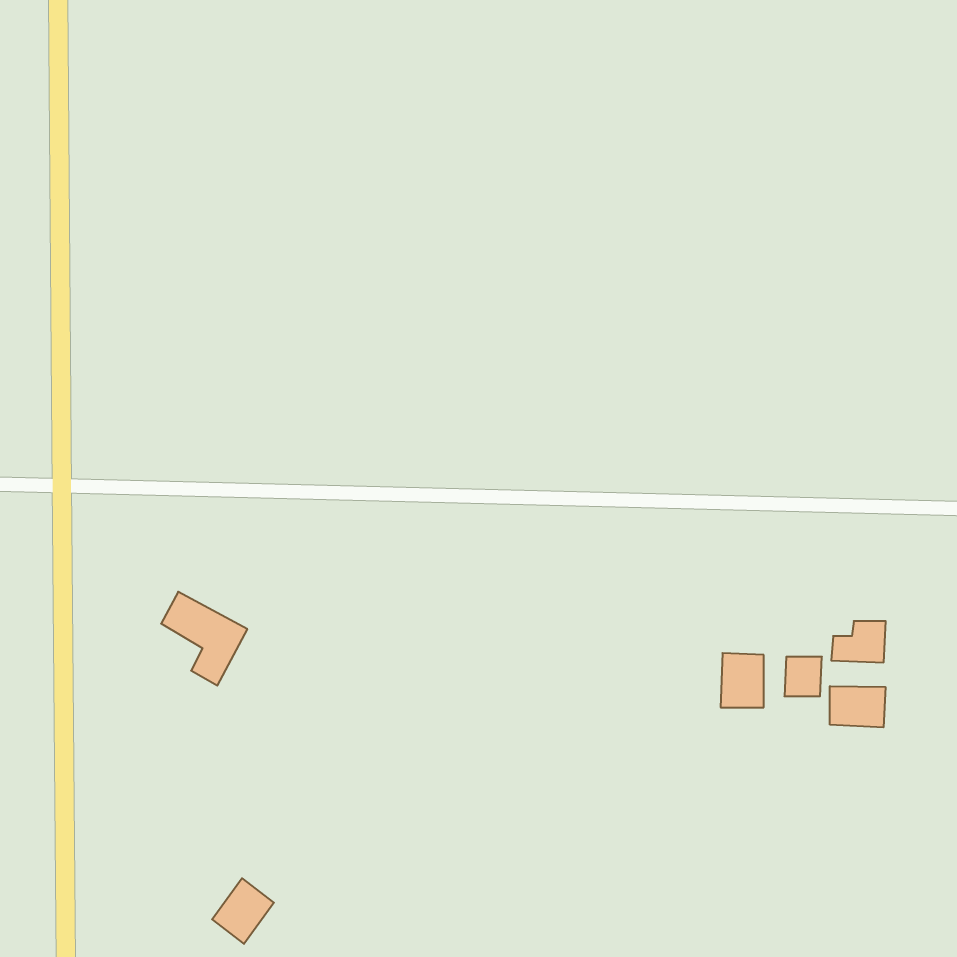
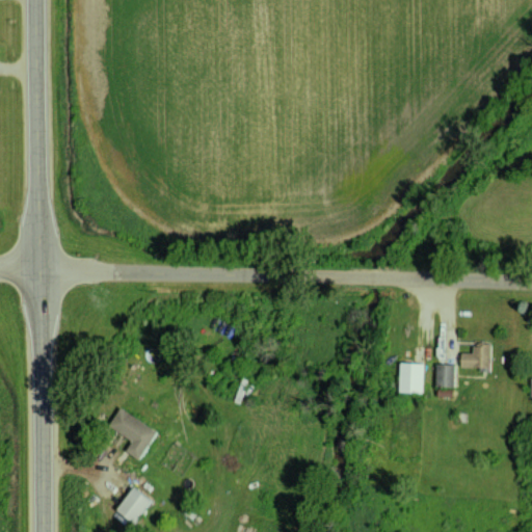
building: [161,592,247,686] -> [109,408,157,460]
building: [830,686,885,727] -> none

